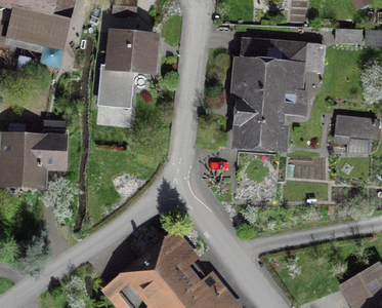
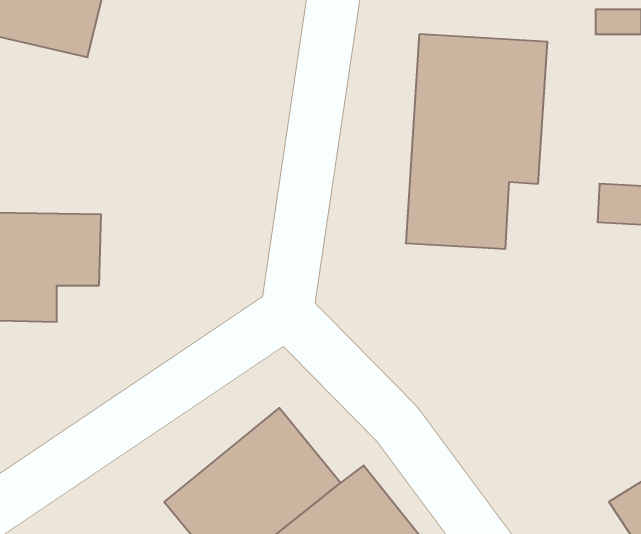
building: [101,28,162,106] -> none

